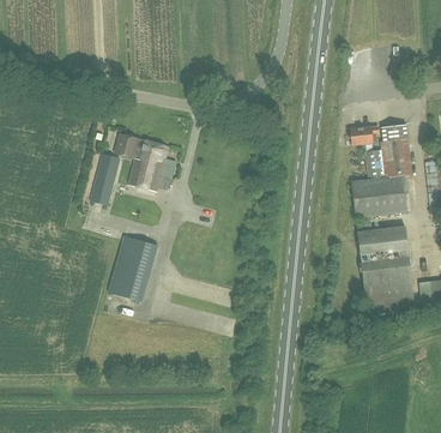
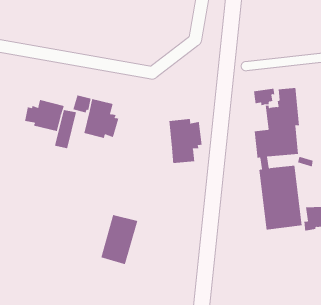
building: none -> [25,99,64,132]
building: none -> [169,118,202,164]
building: [109,235,158,301] -> [101,214,138,265]

